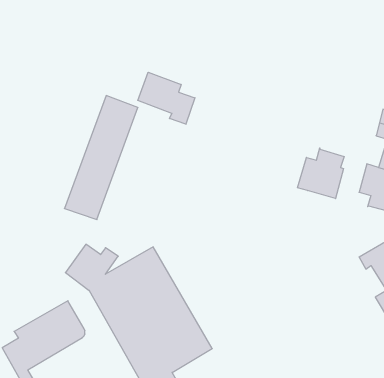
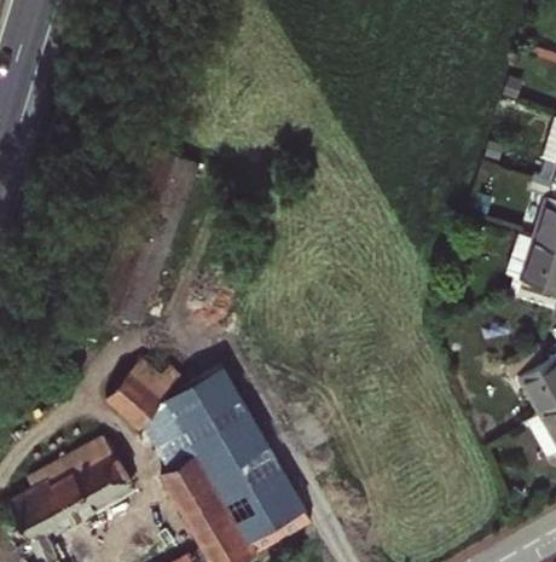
building: [138,72,195,124] -> none
building: [298,148,344,199] -> none

